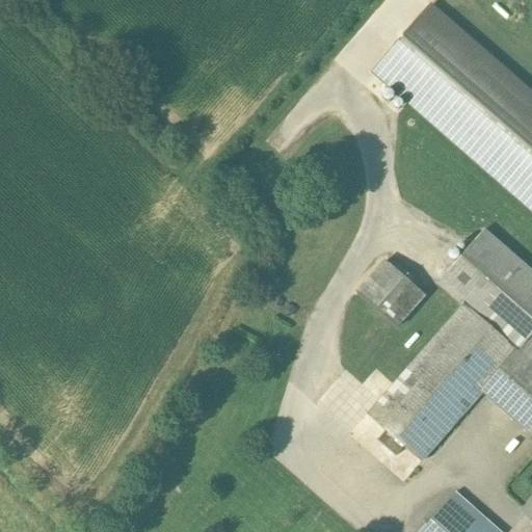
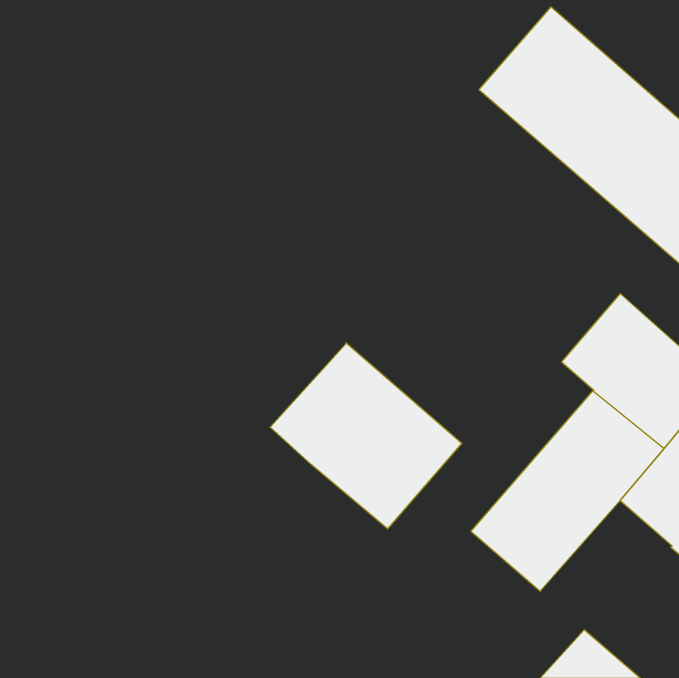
building: [358,260,426,325] -> none
building: none -> [270,343,462,529]

